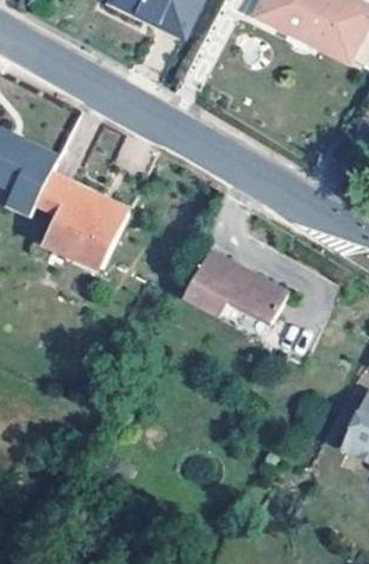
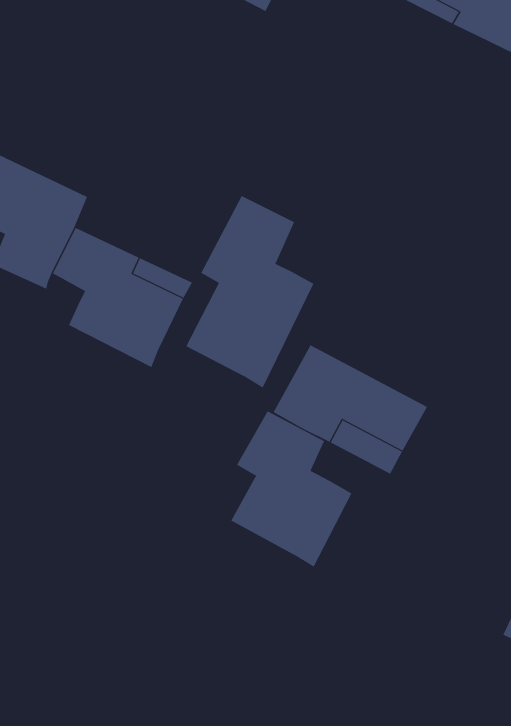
building: none -> [185,195,314,388]
building: none -> [230,410,352,568]

